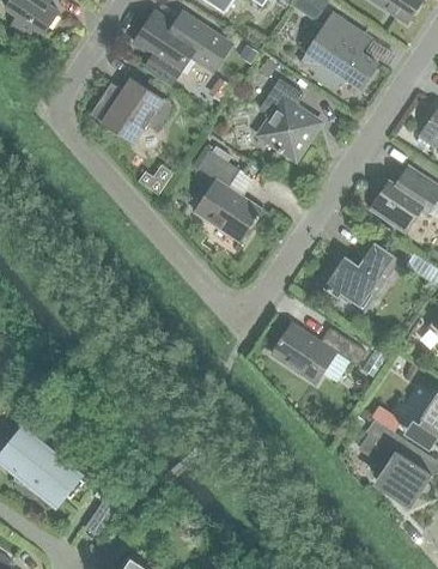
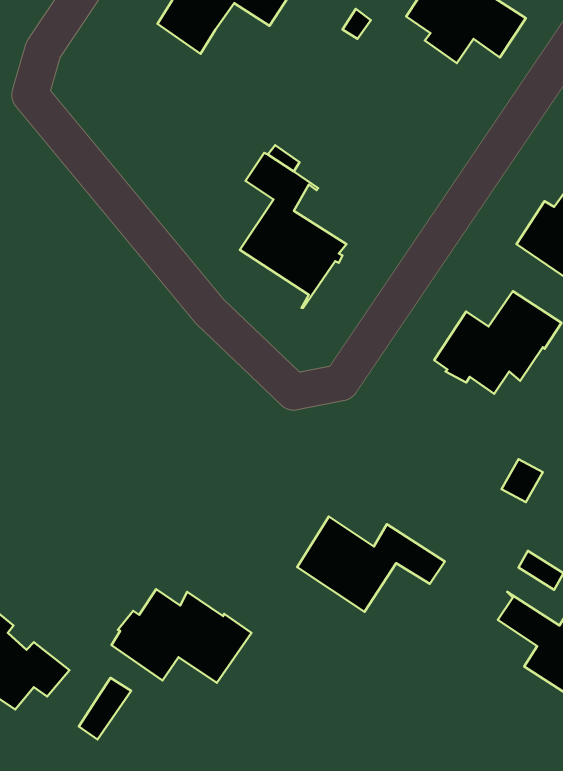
building: [90,78,175,144] -> none
building: [260,79,320,163] -> none
building: [272,322,366,383] -> [297,517,445,612]
building: none -> [111,589,251,683]

